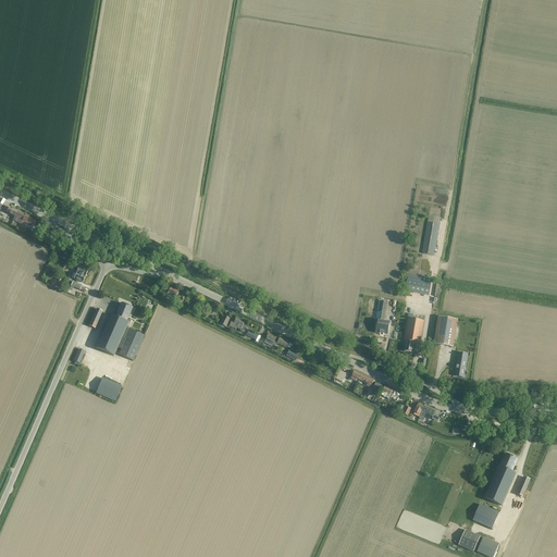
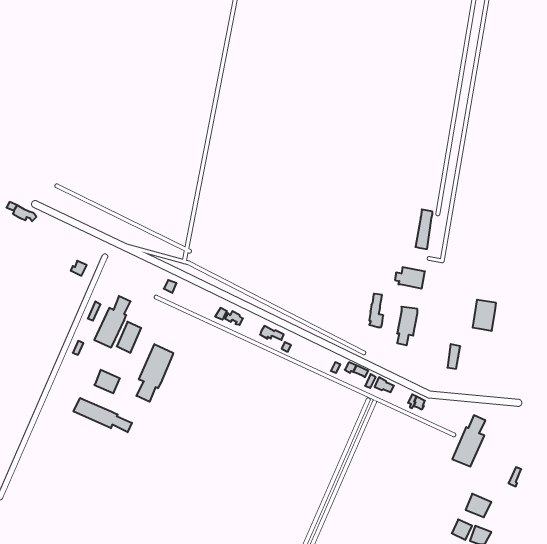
building: [434,314,458,346] -> [473,300,496,331]
building: none -> [136,344,173,402]
building: none -> [74,398,132,432]
building: [484,451,518,504] -> [452,415,485,467]

